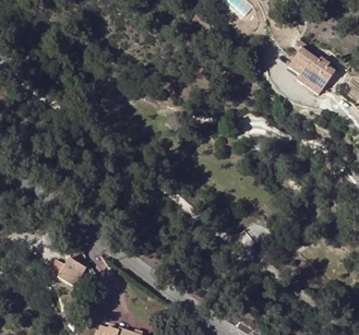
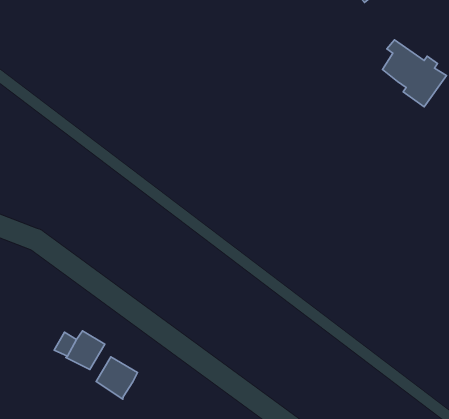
building: none -> [96,357,138,399]

